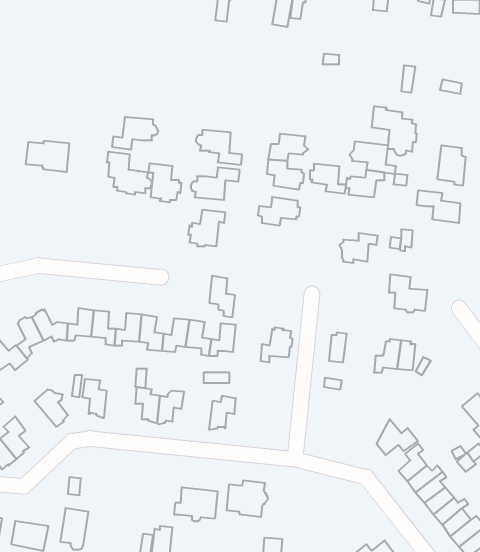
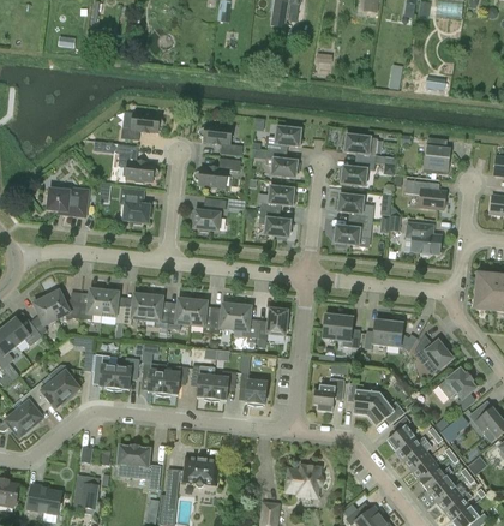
building: [372,106,417,156] -> none
building: [26,141,69,172] -> [47,187,88,216]
building: [148,164,182,202] -> [121,189,152,225]
building: [310,164,346,194] -> [336,193,370,221]
building: none -> [259,209,294,239]
building: [389,275,428,312] -> [406,220,442,255]
building: [209,276,235,317] -> [234,304,258,342]
building: none -> [336,312,360,347]
building: none -> [415,334,452,367]
building: none -> [114,357,139,390]
building: none -> [191,364,215,401]
building: none -> [240,372,269,406]
building: none -> [31,375,70,408]
building: none -> [313,377,344,412]
building: none -> [348,382,379,414]
building: none -> [119,444,161,489]
building: [226,481,268,517] -> [286,464,324,497]

